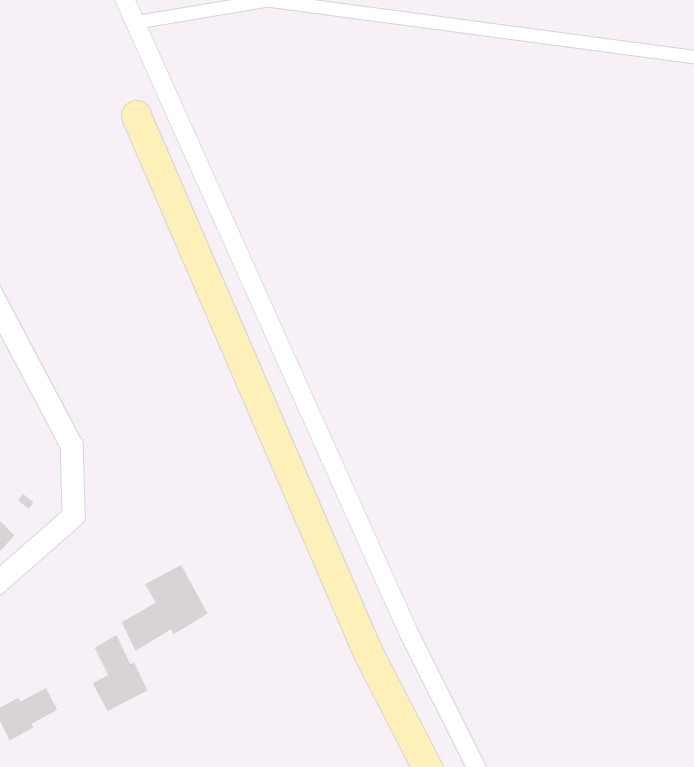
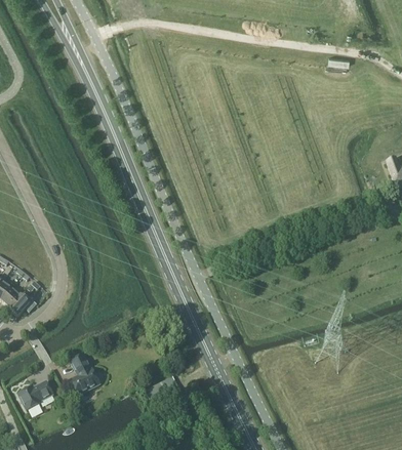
building: [121,564,209,652] -> none

